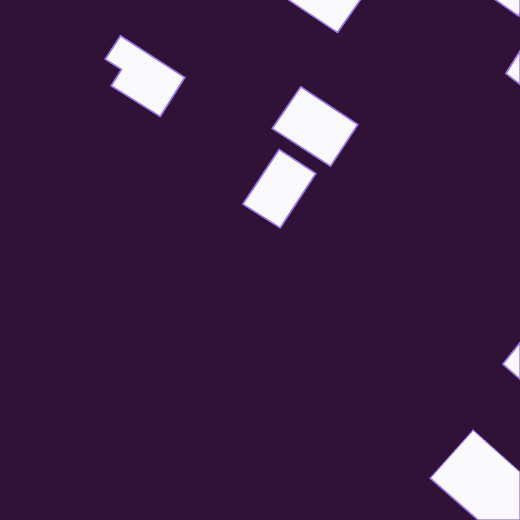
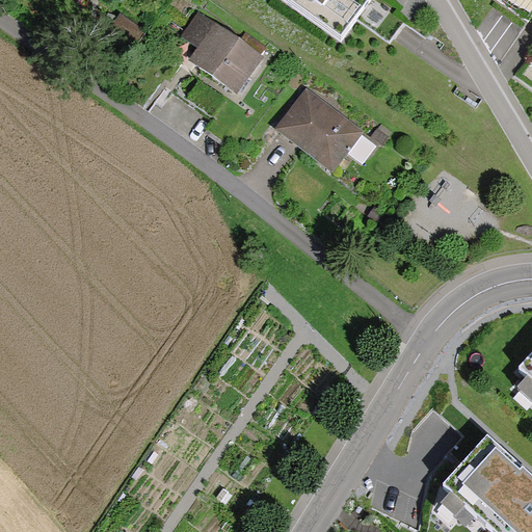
building: [105,36,185,116] -> [183,11,264,94]
building: [243,150,316,228] -> none

